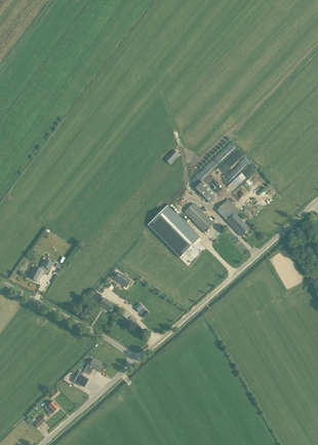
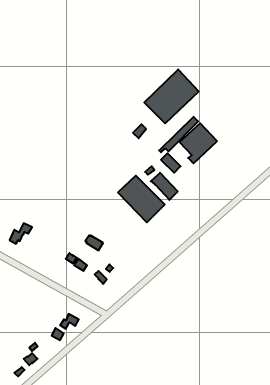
building: none -> [144,69,199,123]
building: [216,199,249,235] -> none

